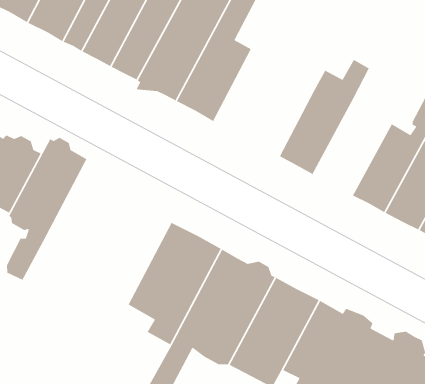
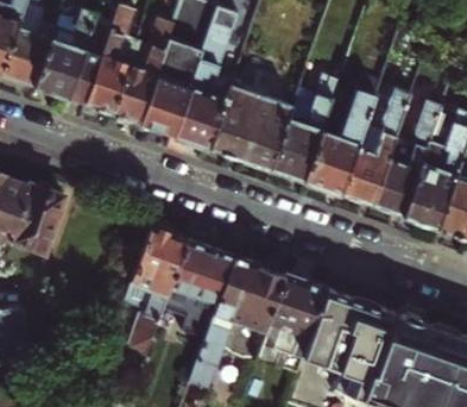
building: none -> [209,75,292,169]
building: none -> [303,75,380,194]
building: [6,137,87,281] -> [124,225,185,356]

